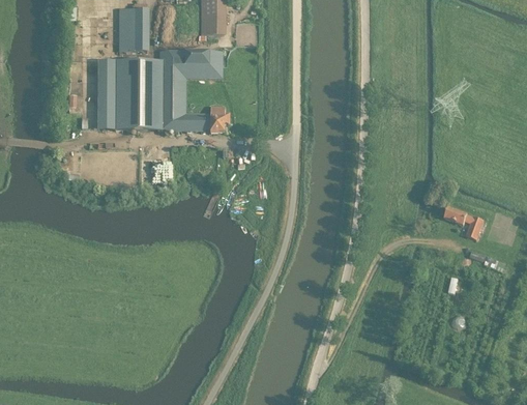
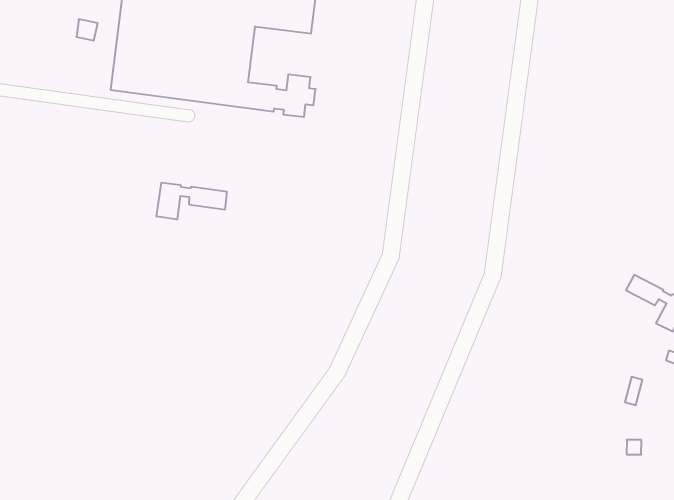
building: none -> [157,183,227,220]

